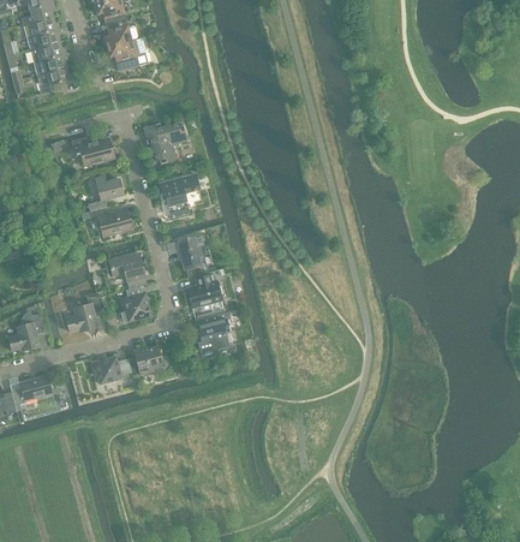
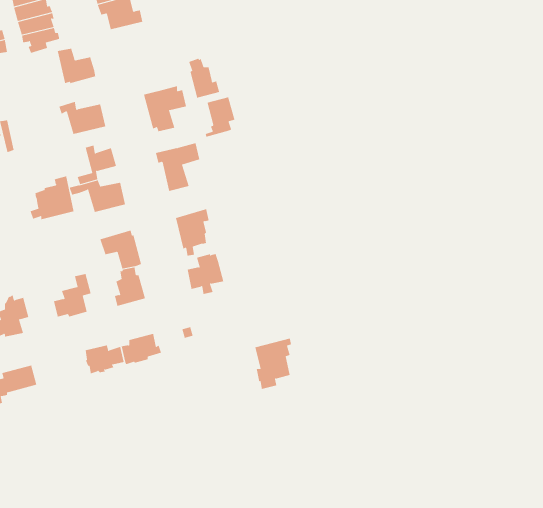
building: none -> [57,48,96,84]
building: none -> [189,58,220,99]
building: none -> [205,97,235,138]
building: none -> [30,175,74,220]
building: [195,311,228,358] -> [255,338,292,390]

